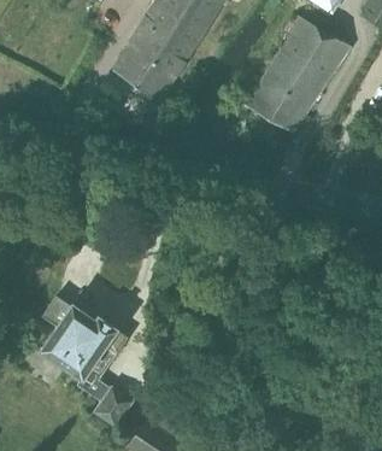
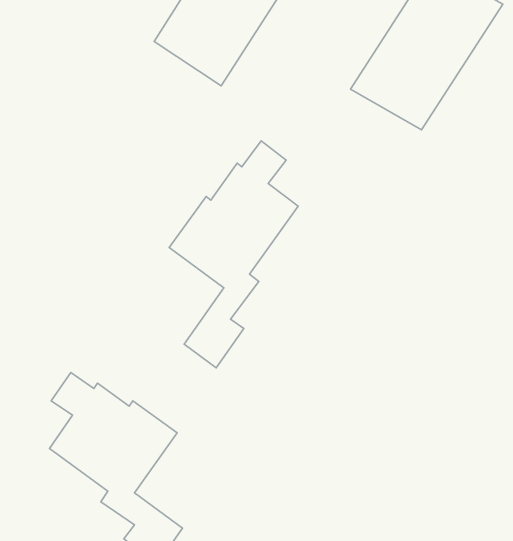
building: none -> [169,141,298,368]

